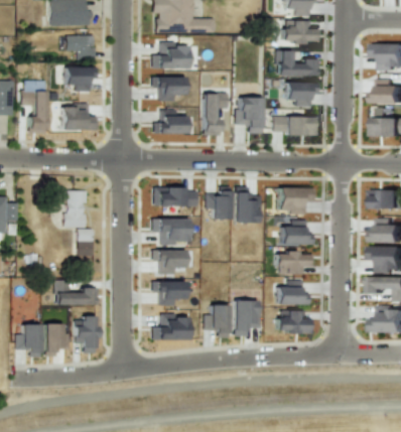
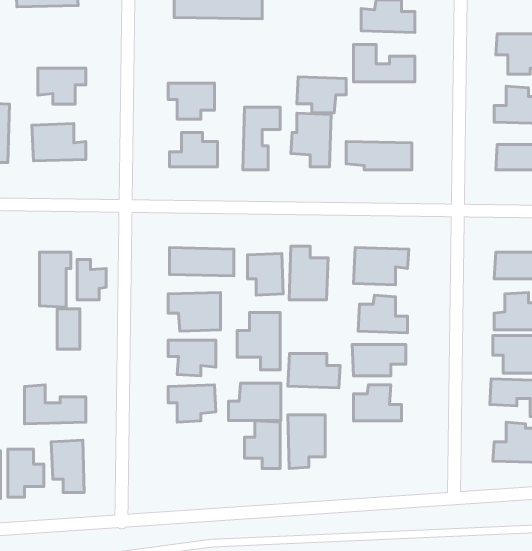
building: [68,35,96,59] -> none
building: [152,42,188,68] -> none
building: [286,82,319,106] -> [297,77,346,113]
building: none -> [77,260,106,300]
building: none -> [237,313,280,370]
building: [278,310,313,333] -> [288,353,340,388]
building: [153,314,188,339] -> [229,383,281,421]

